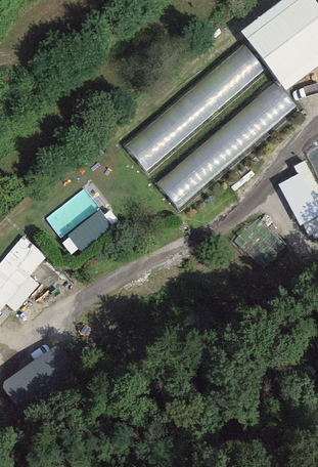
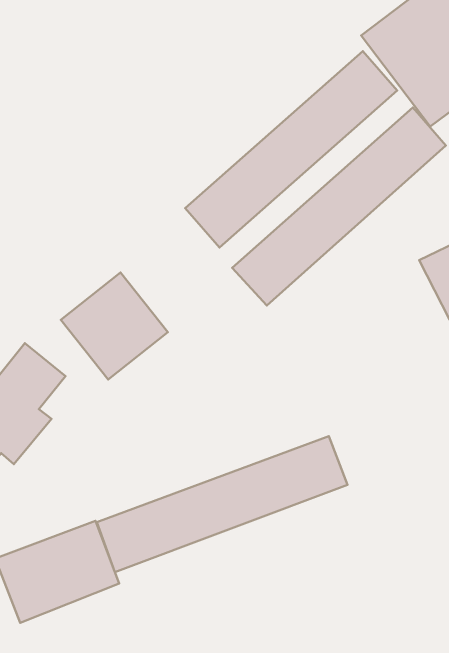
building: none -> [97,436,347,572]

